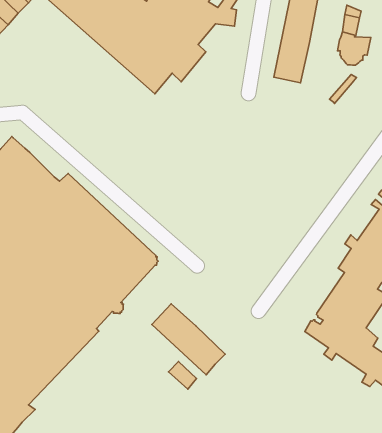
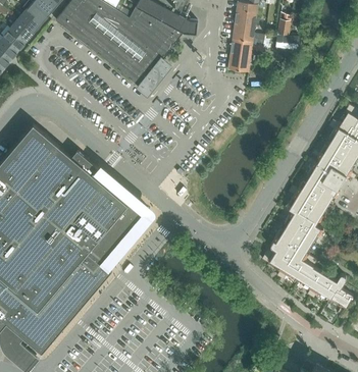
building: [152,304,225,375] -> none

